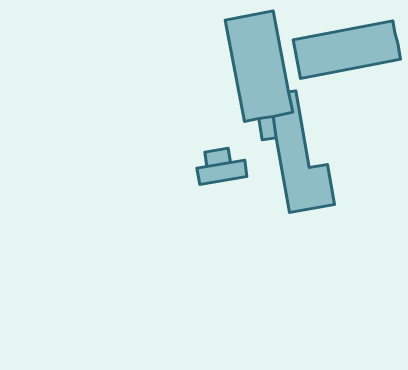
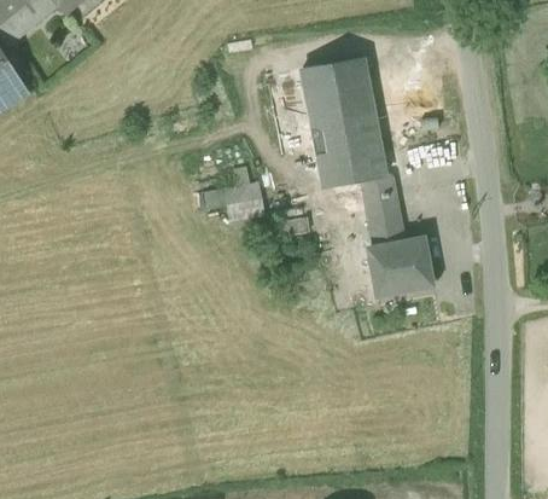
building: [293,21,400,78] -> none
building: [197,160,247,185] -> [204,185,263,214]

